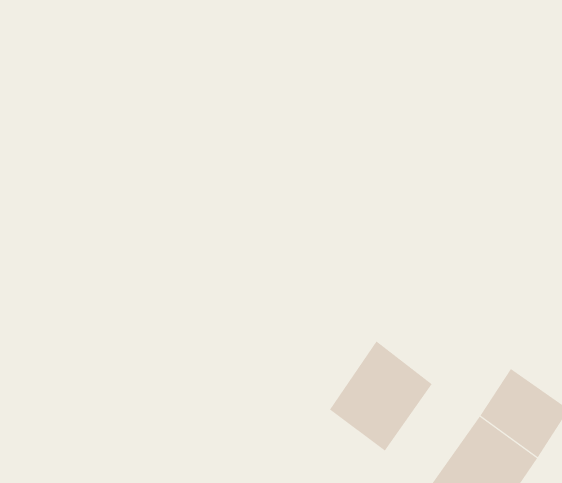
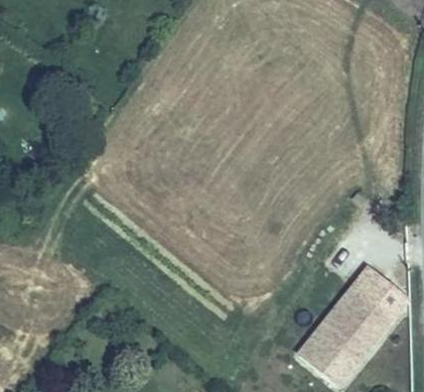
building: [329,340,433,451] -> none

